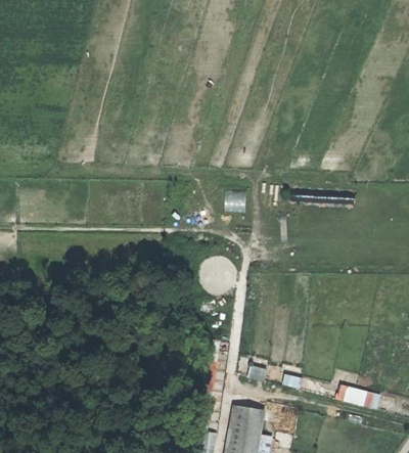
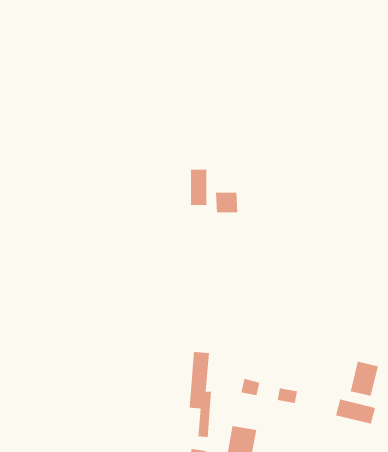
building: none -> [191,169,207,206]
building: none -> [350,361,378,397]

